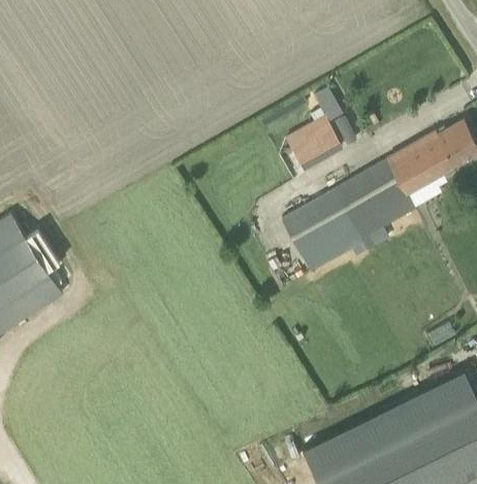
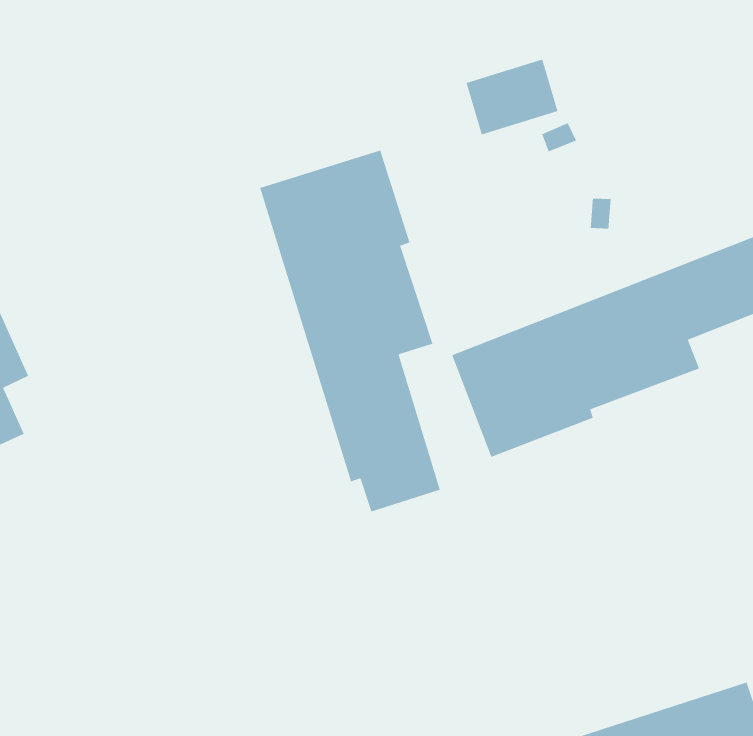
building: none -> [259,149,441,513]
building: [290,117,342,162] -> [465,59,559,135]

